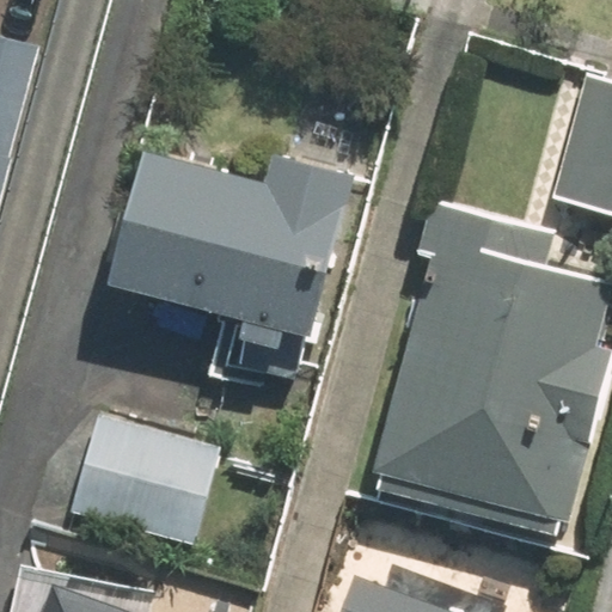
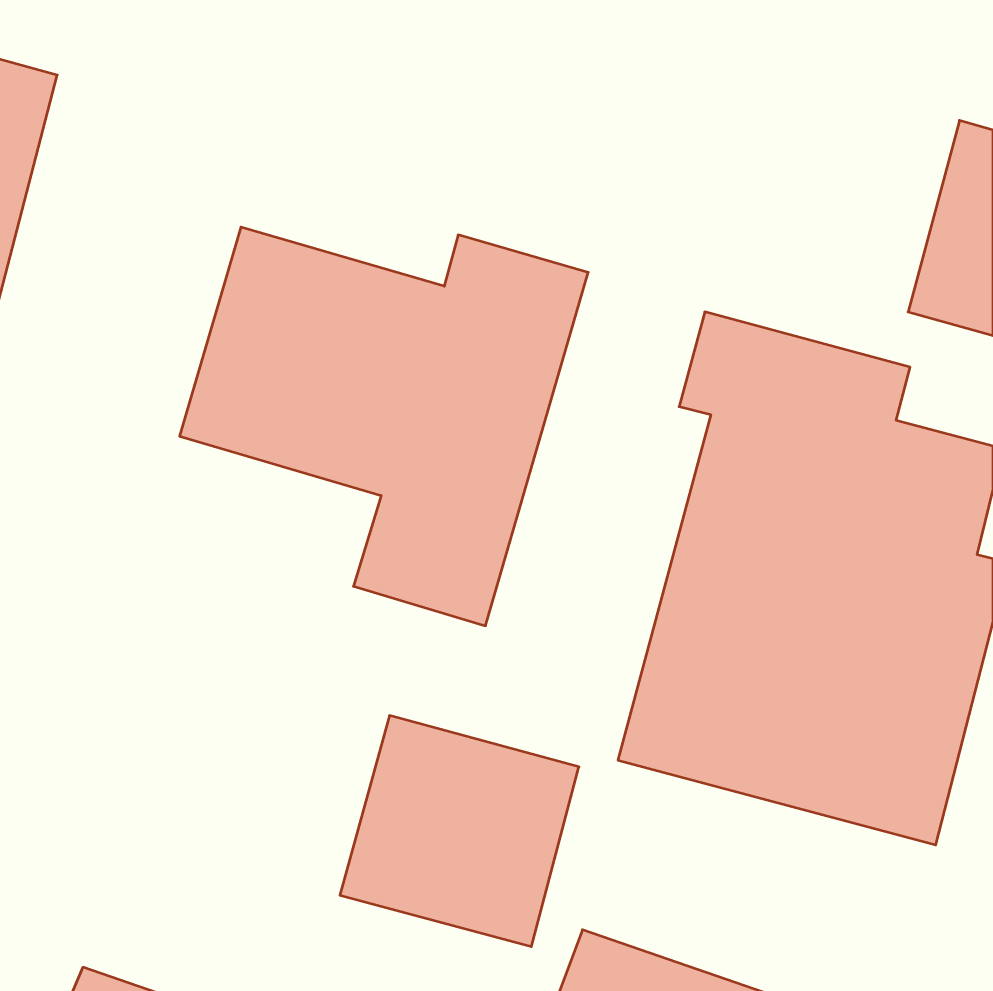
building: [65,424,209,564] -> [340,716,579,947]

